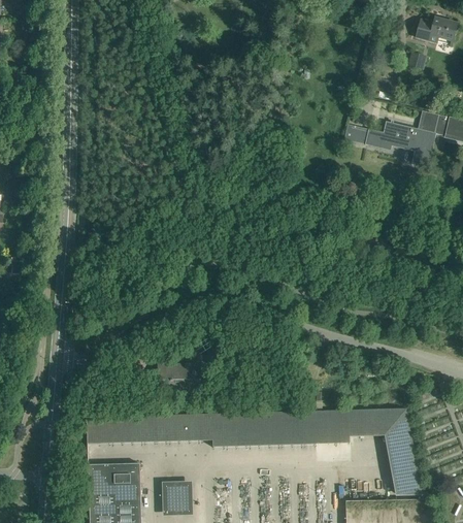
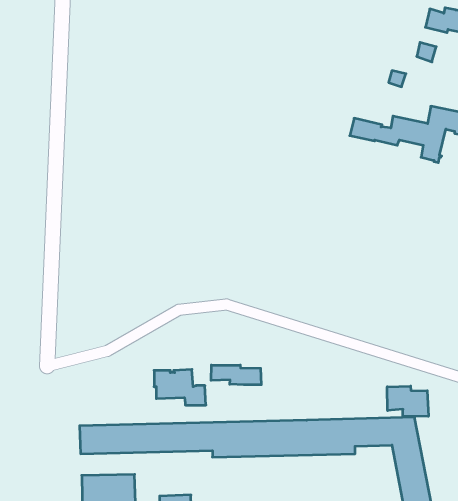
building: none -> [211,365,261,385]
building: none -> [387,386,428,417]

